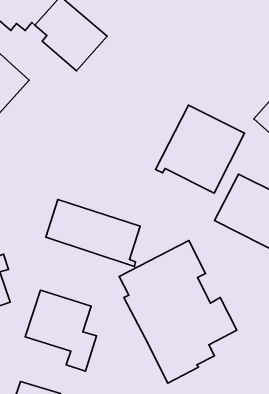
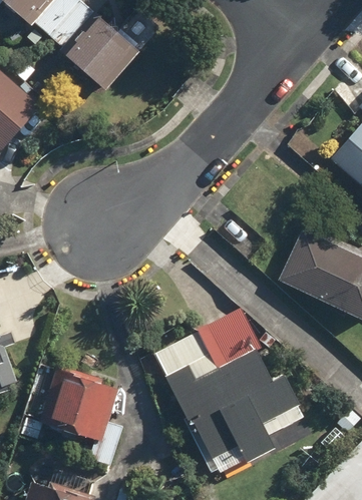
building: [156,105,245,193] -> none
building: [46,199,140,266] -> none

